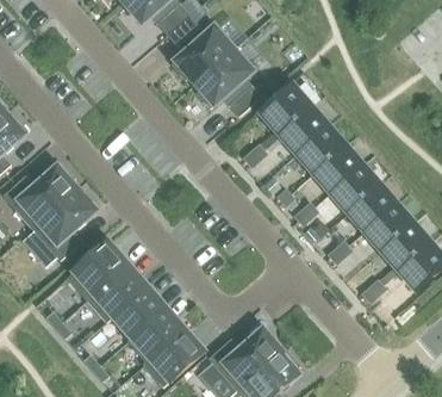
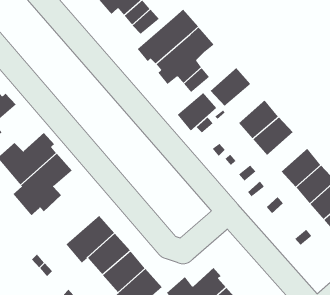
building: [279,105,328,153] -> [177,92,217,132]
building: [330,163,379,211] -> none
building: [67,241,127,299] -> none

